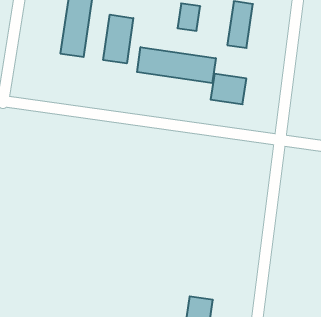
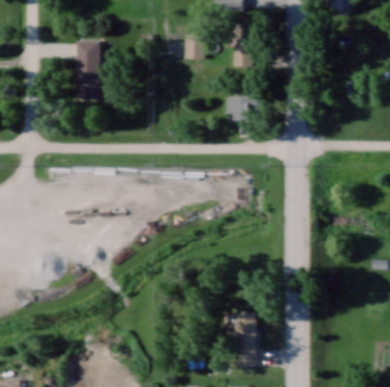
building: [103,15,133,63] -> none
building: [137,47,216,83] -> none

